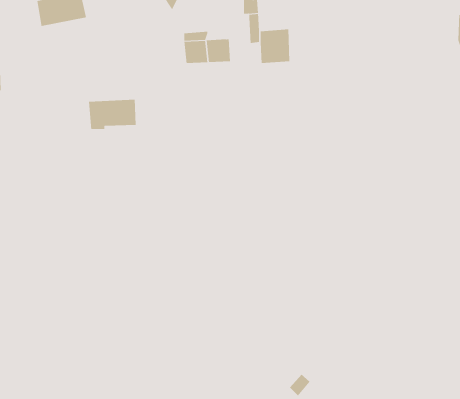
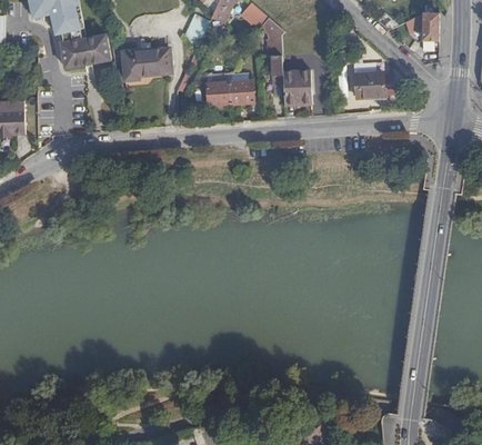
building: none -> [353,72,382,98]
building: [88,99,136,130] -> [123,48,171,78]

